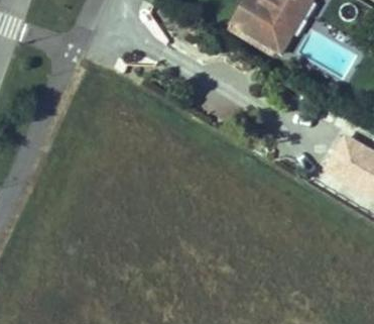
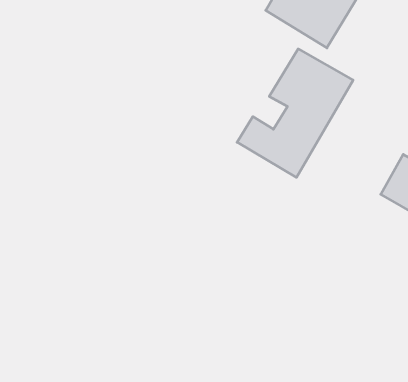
building: none -> [237,49,353,177]

